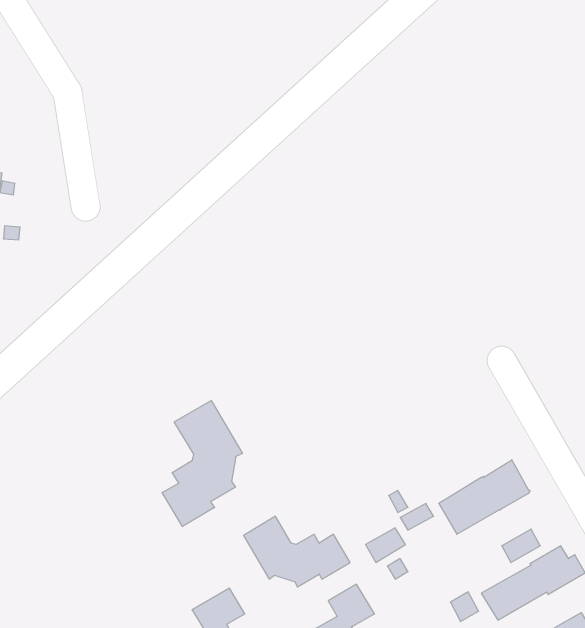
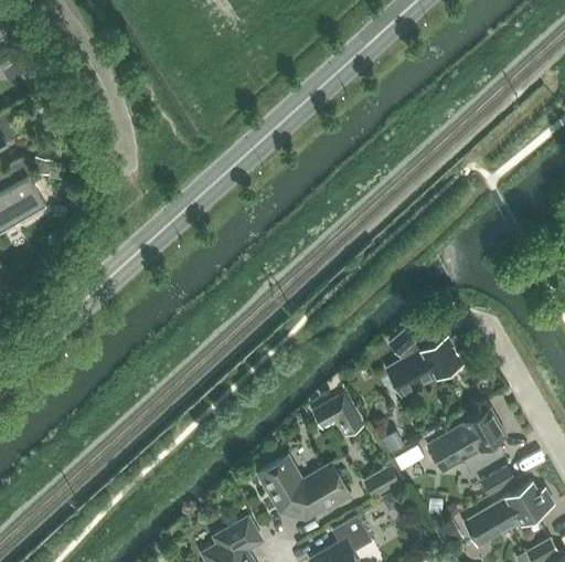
building: none -> [386,324,462,396]
building: [162,401,242,527] -> none
building: none -> [312,393,363,435]

